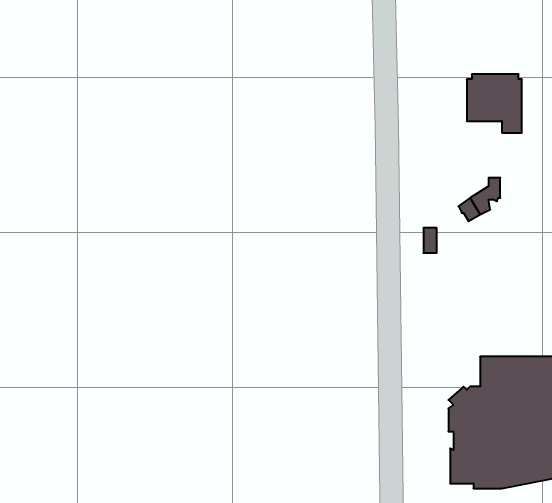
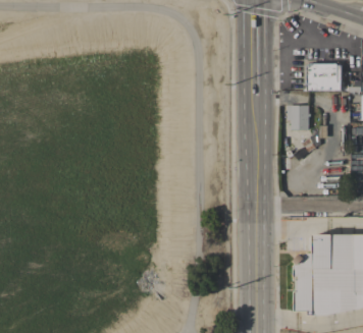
building: none -> [288,105,311,129]

